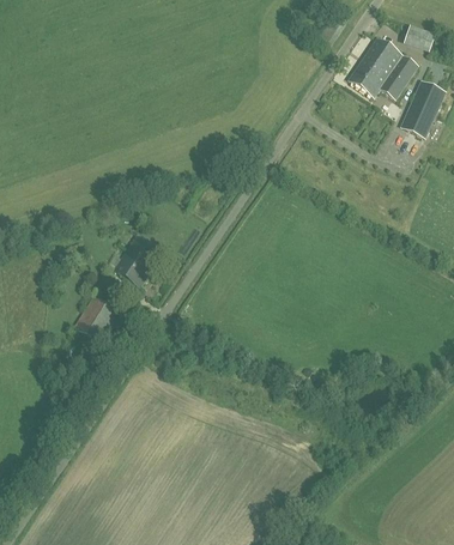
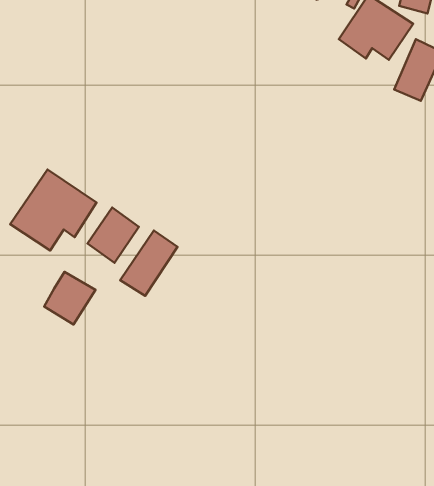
building: none -> [10,169,96,250]
building: none -> [120,231,178,296]

